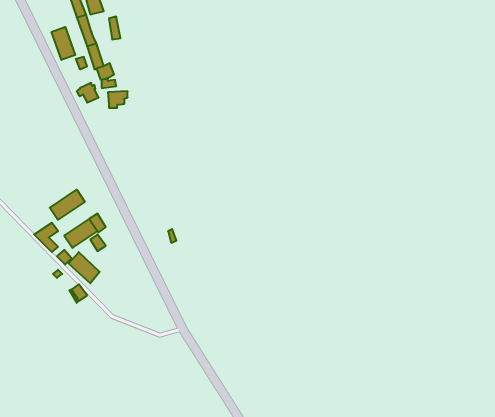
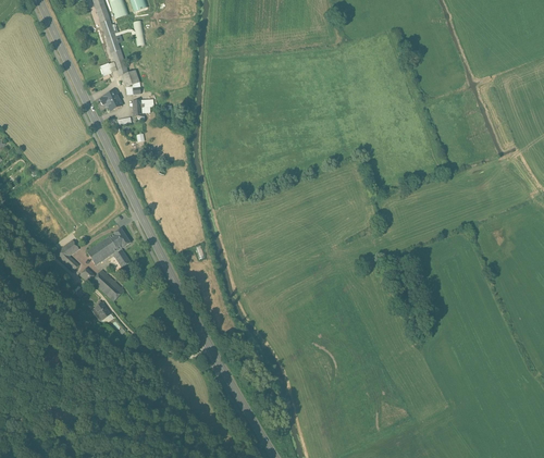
building: [52,27,75,60] -> none
building: [50,190,85,220] -> none

